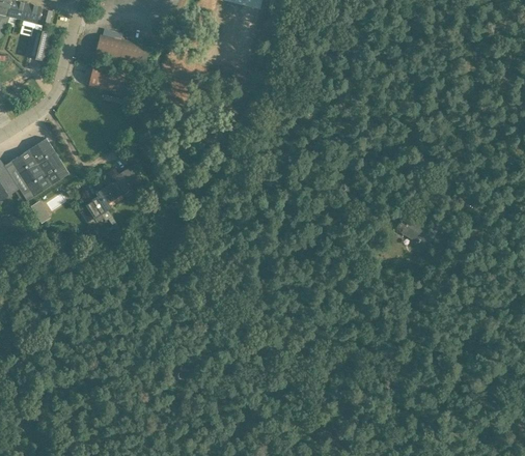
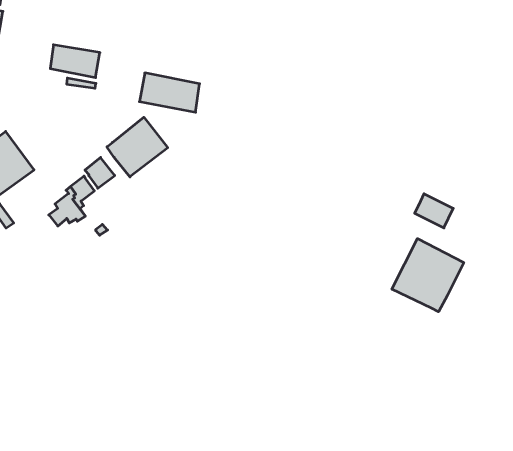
building: [93,32,147,69] -> [139,73,200,112]
building: none -> [107,117,168,177]
building: none -> [392,239,464,312]

